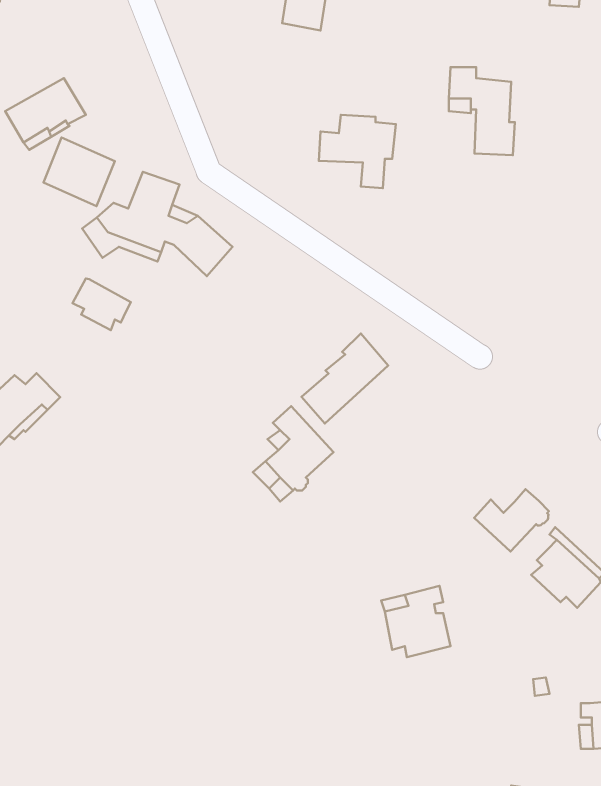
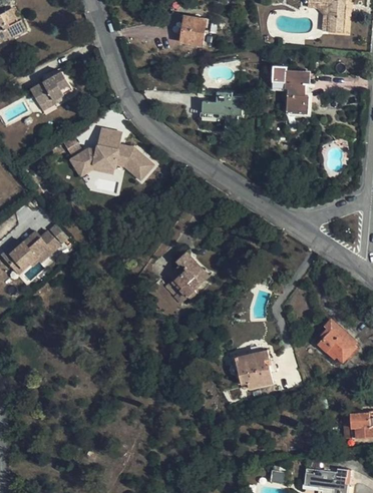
building: [43,138,115,206] -> none
building: [72,279,131,330] -> none
building: [302,333,388,424] -> none
building: [474,489,549,551] -> none

